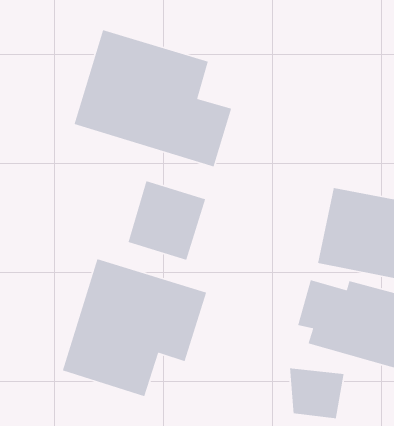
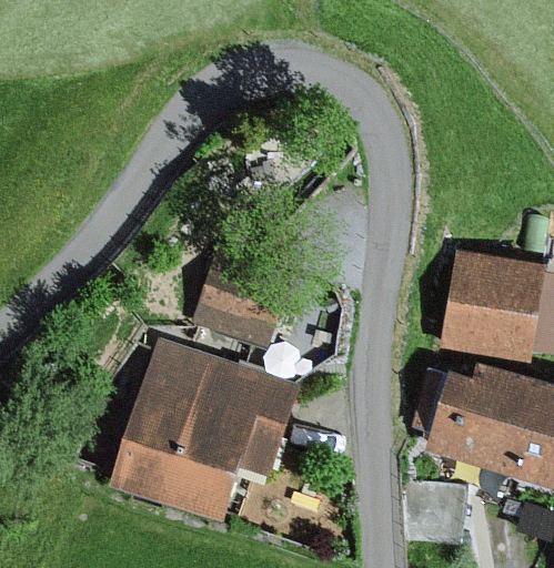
building: [73,29,232,167] -> none

